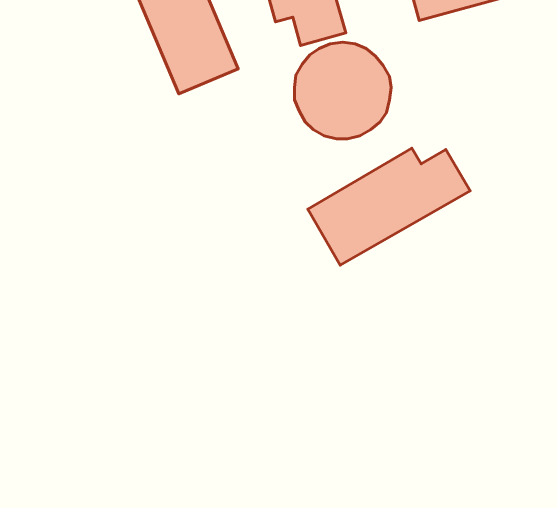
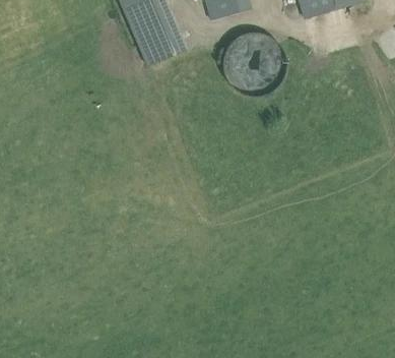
building: [308,148,470,265] -> none

